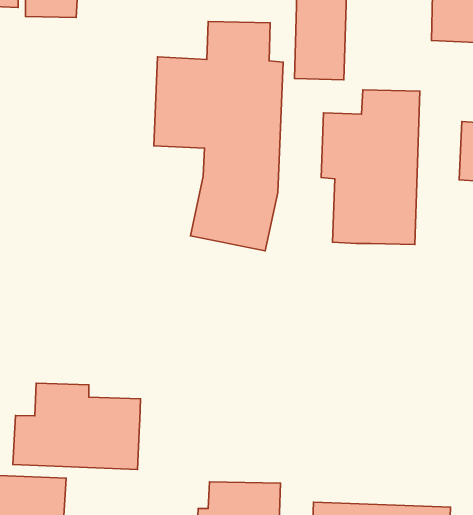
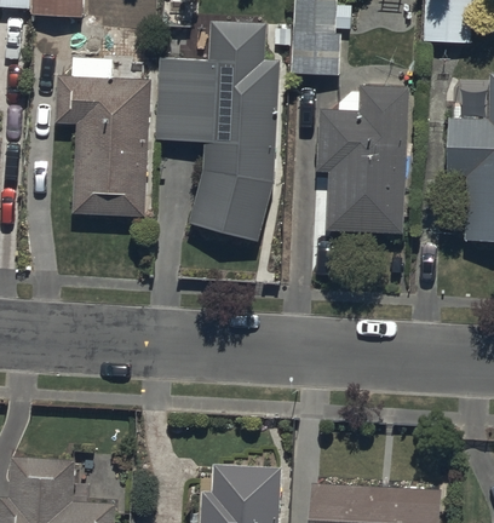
building: none -> [56,79,153,219]
building: [13,383,140,470] -> none

